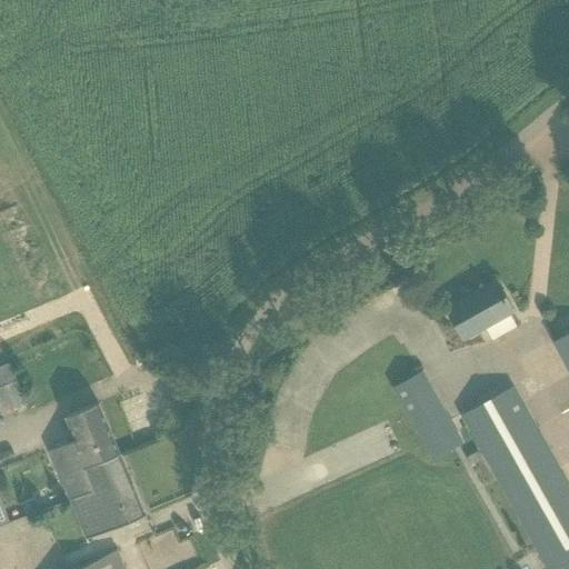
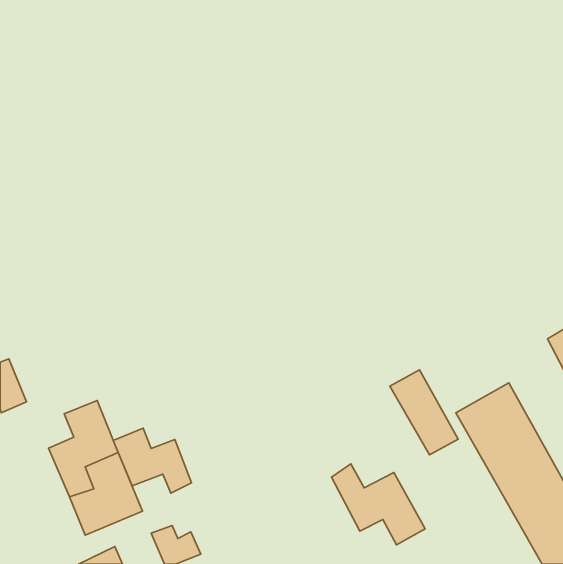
building: [447,282,517,339] -> none
building: none -> [113,428,191,493]
building: none -> [331,464,425,545]

